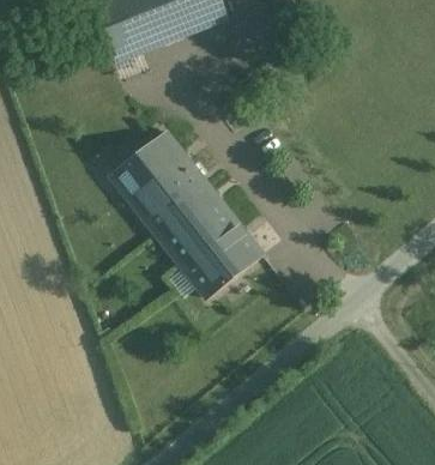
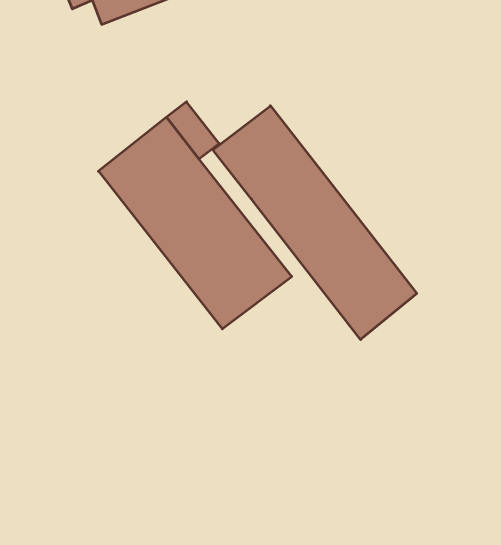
building: none -> [213,106,417,340]

